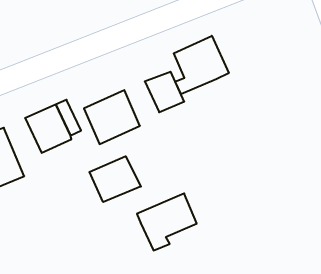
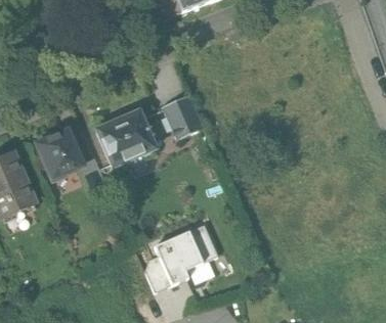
building: [174,36,229,94] -> none
building: [89,156,141,202] -> none
building: none -> [146,255,173,291]

